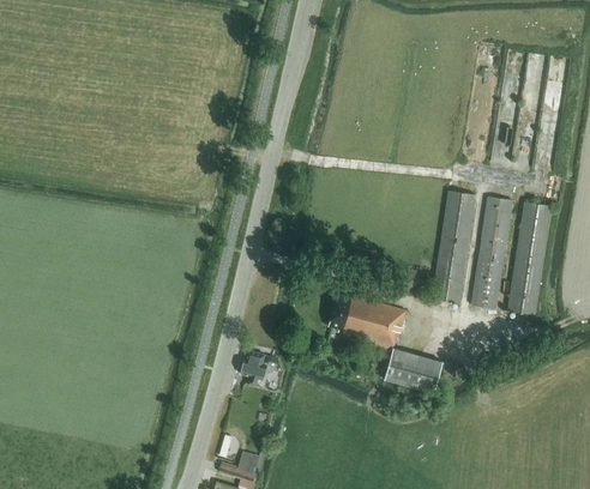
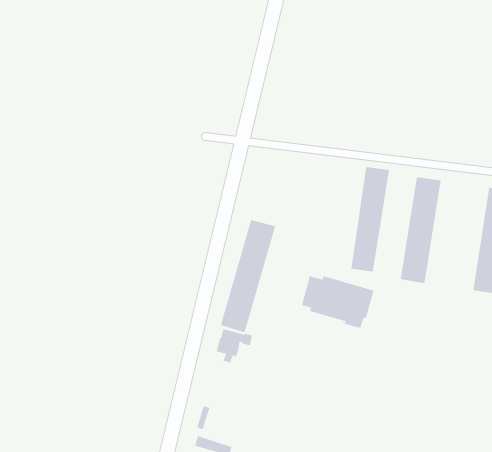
building: [471,197,512,307] -> [351,167,390,272]
building: none -> [220,219,276,333]
building: [384,346,442,393] -> none

